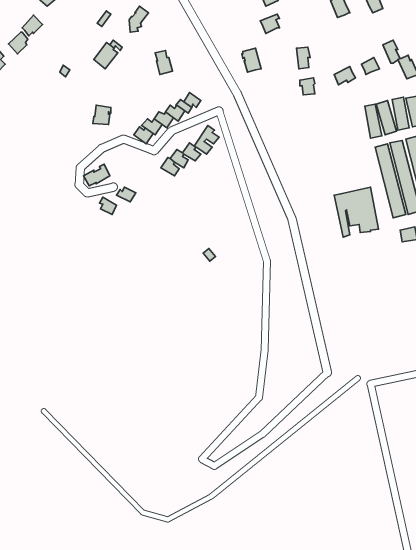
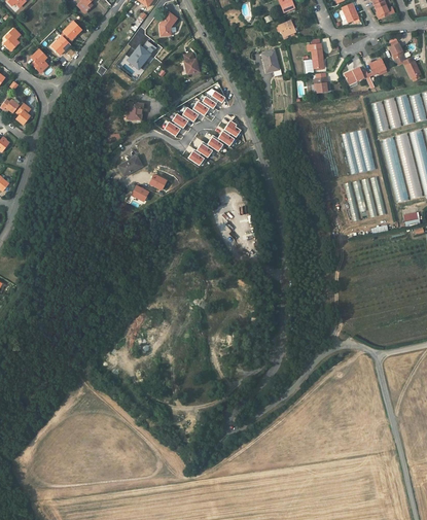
building: none -> [342,129,373,175]

